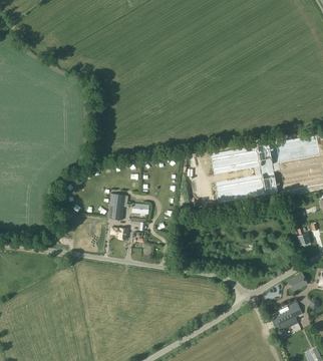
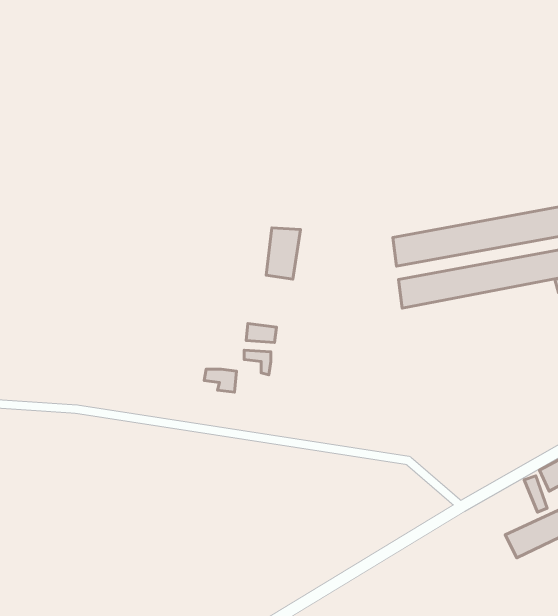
building: [107,194,125,221] -> [266,228,301,279]

